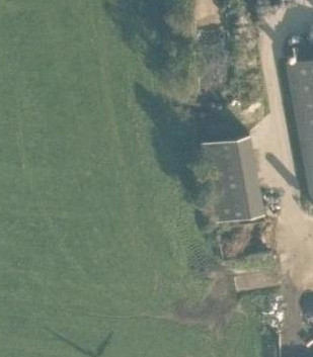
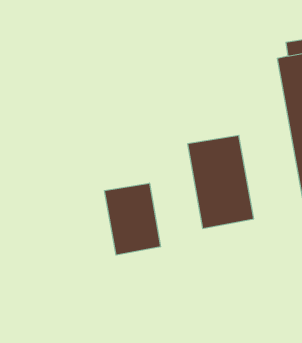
building: none -> [105,183,161,255]

